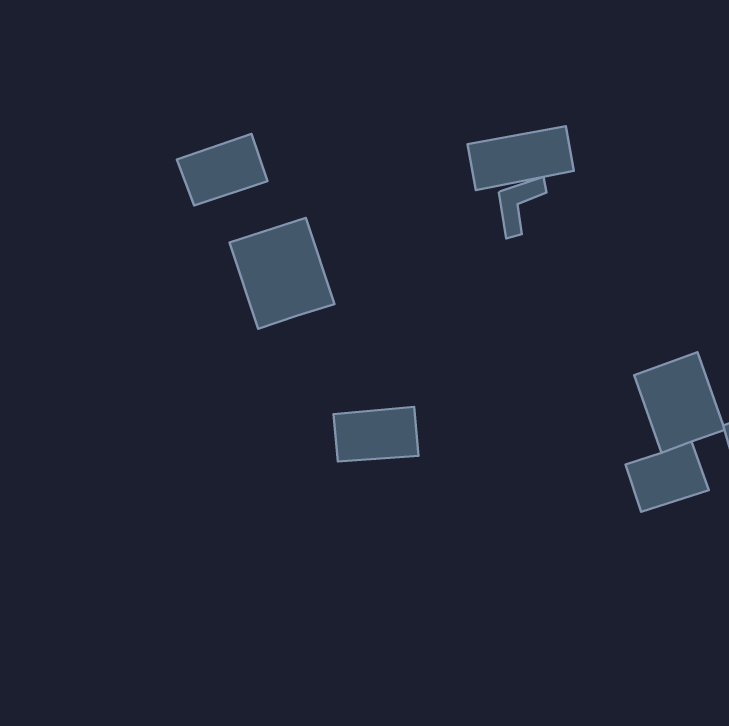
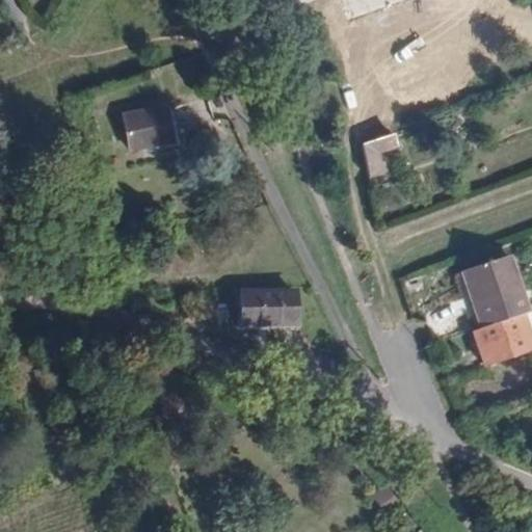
building: [468,126,574,190] -> none
building: [229,218,334,329] -> none

